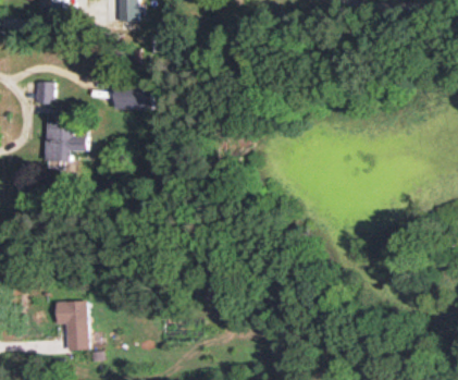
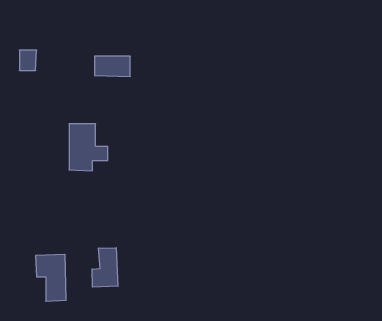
building: [46,112,87,162] -> [69,124,108,171]
building: none -> [92,248,118,287]

